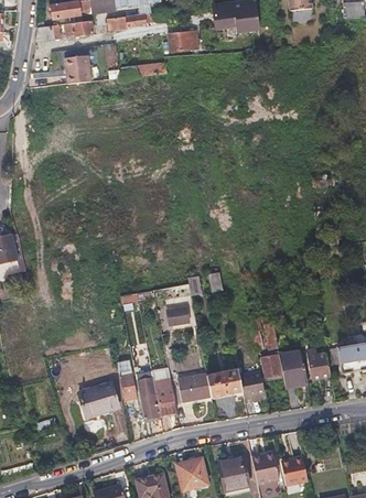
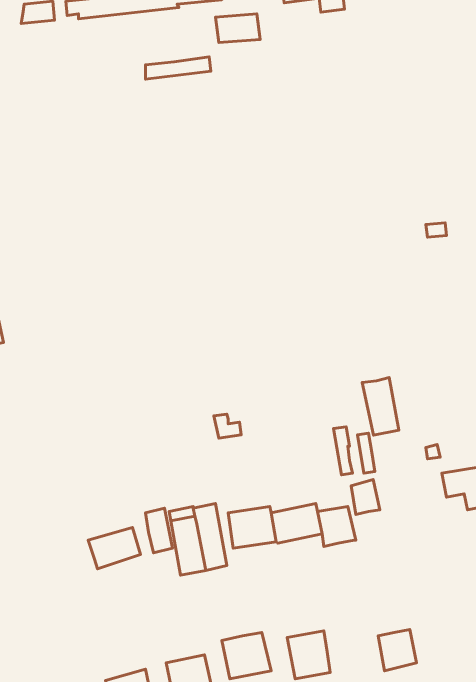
building: [64,56,90,84] -> none
building: [308,345,331,379] -> none
building: [279,348,304,388] -> [362,378,399,435]
building: [251,454,278,485] -> none

